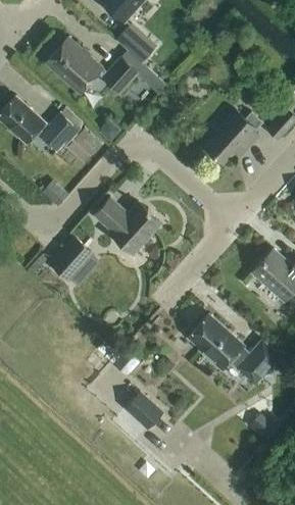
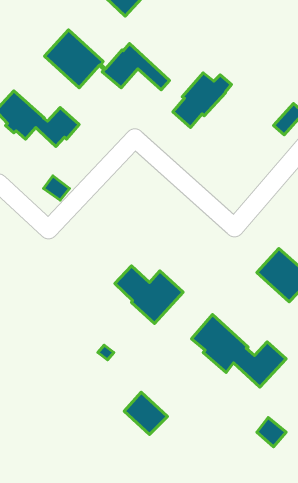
building: [116,22,157,62] -> none
building: [205,110,262,163] -> [173,73,232,127]
building: [94,197,160,253] -> [115,266,183,324]
building: [49,237,94,282] -> none

